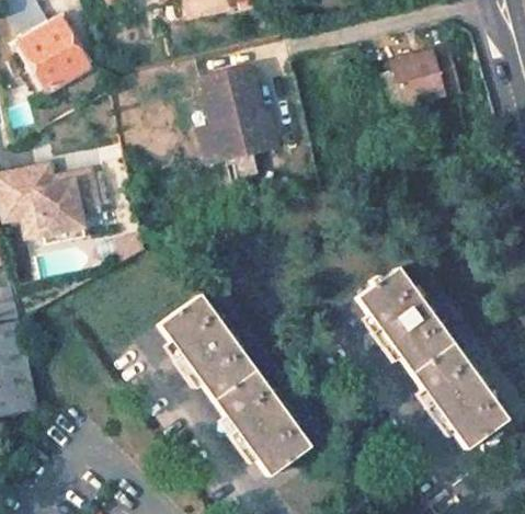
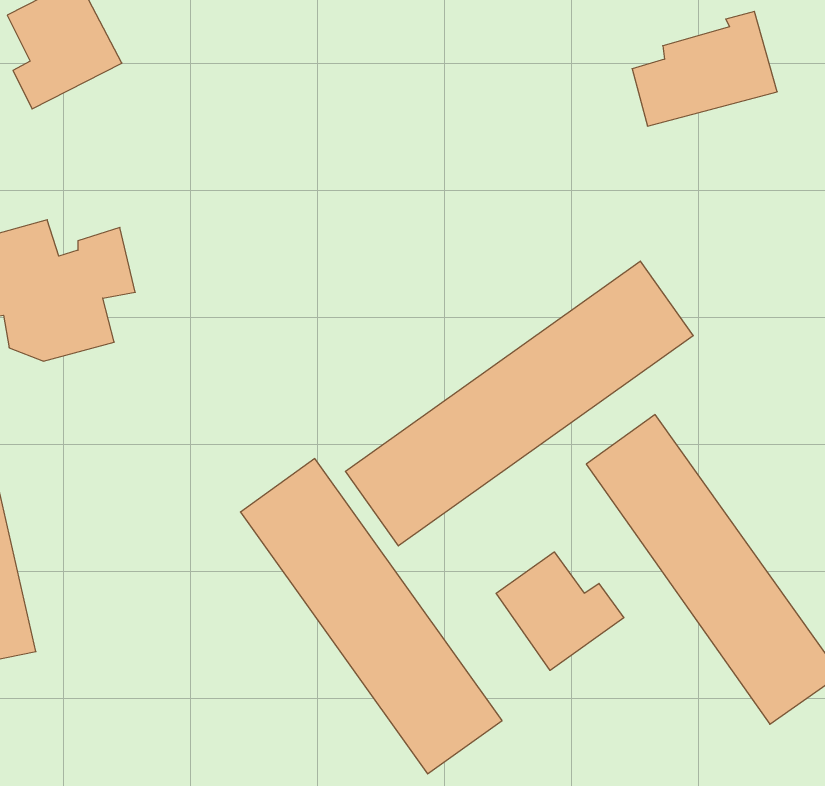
building: [202,68,277,163] -> none
building: none -> [345,261,693,546]
building: none -> [496,552,624,670]

